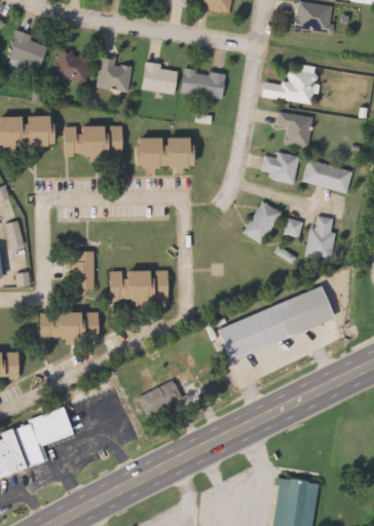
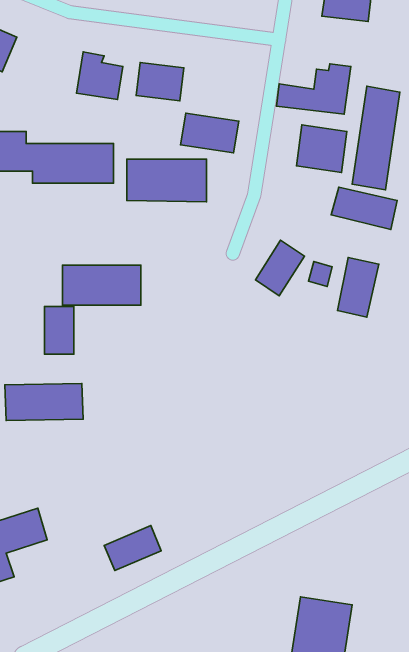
building: [55,49,91,81] -> none
building: [183,68,228,99] -> [181,113,239,153]
building: none -> [352,86,400,190]
building: [255,151,292,183] -> none
building: [111,270,172,301] -> [63,265,141,305]
building: [208,286,327,361] -> none
building: [141,380,185,415] -> [104,526,161,571]

